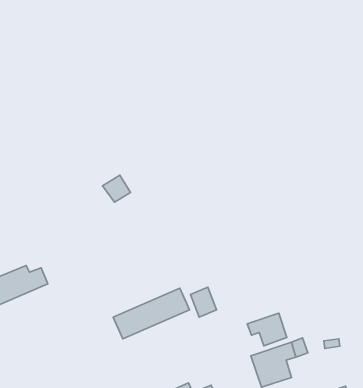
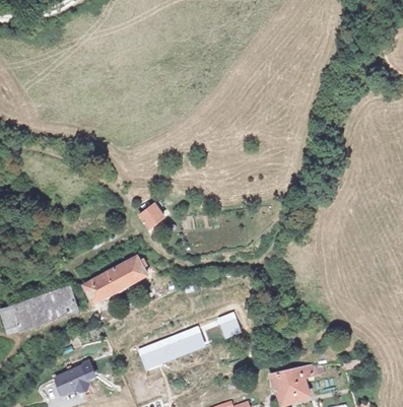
building: none -> [79,261,139,307]
building: [247,313,287,346] -> none
building: none -> [64,364,103,397]

